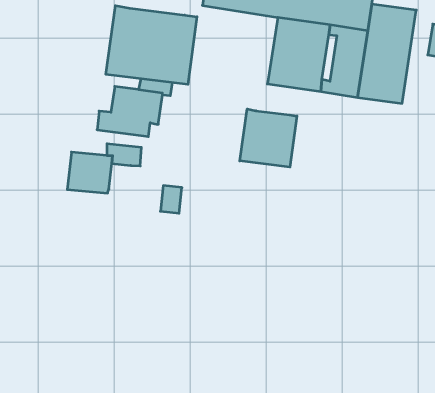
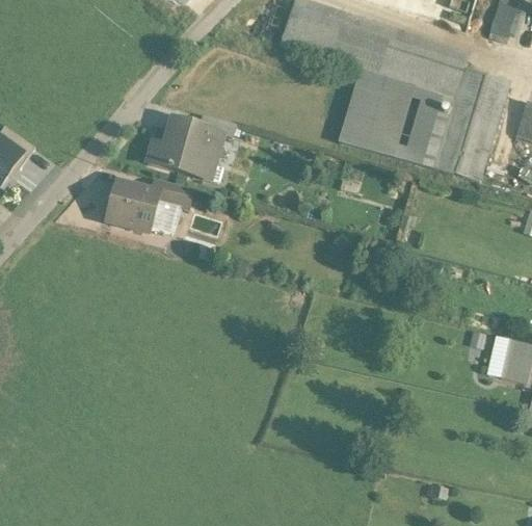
building: [106,6,197,84] -> none
building: [240,109,297,167] -> none
building: [160,186,182,213] -> [150,201,177,233]

